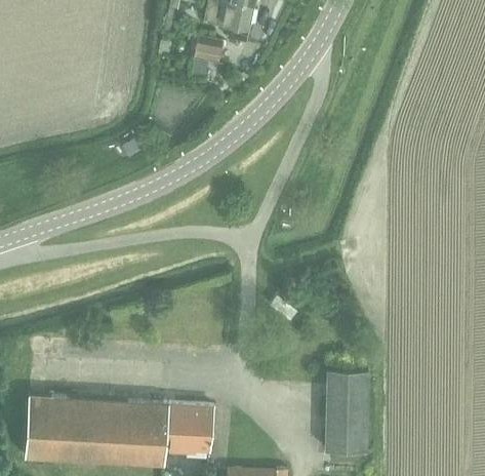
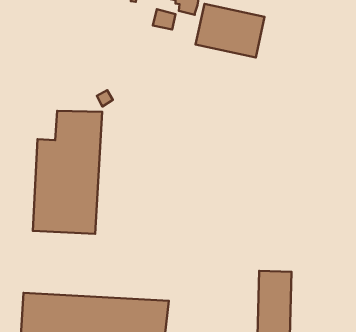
building: none -> [196,4,265,58]
building: none -> [33,111,102,234]

